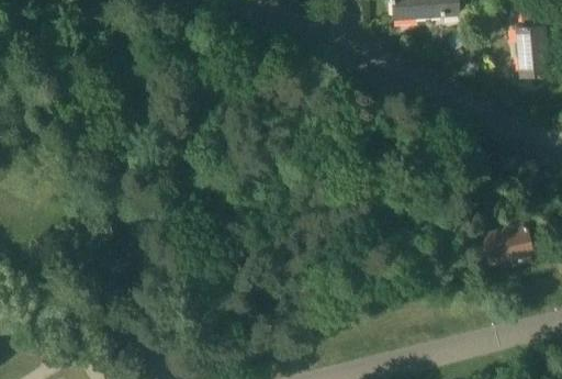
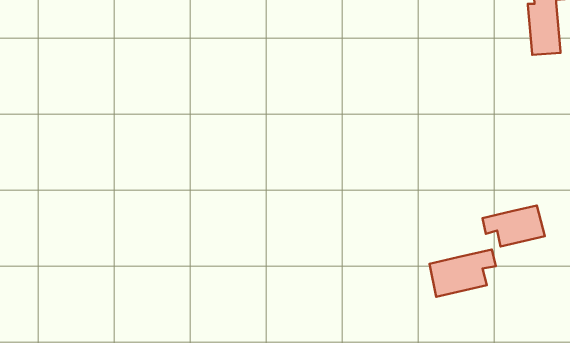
building: none -> [429,249,496,297]

